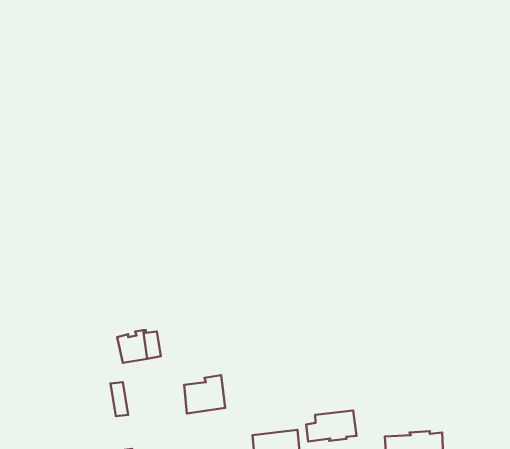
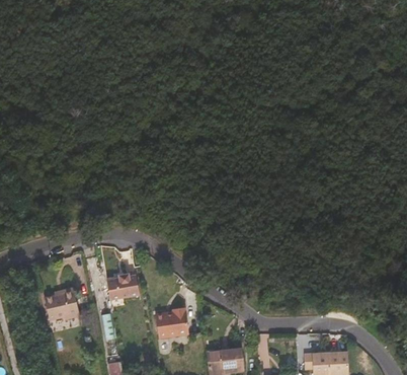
building: none -> [46,287,79,318]
building: [306,410,357,441] -> none

